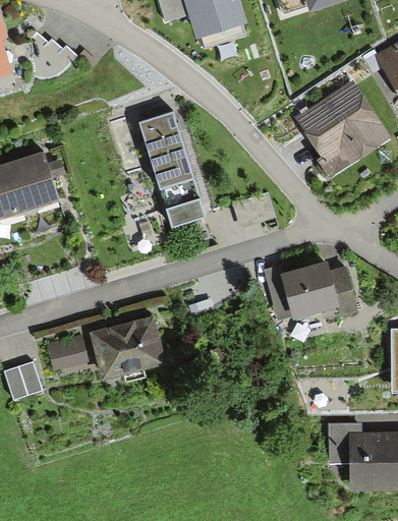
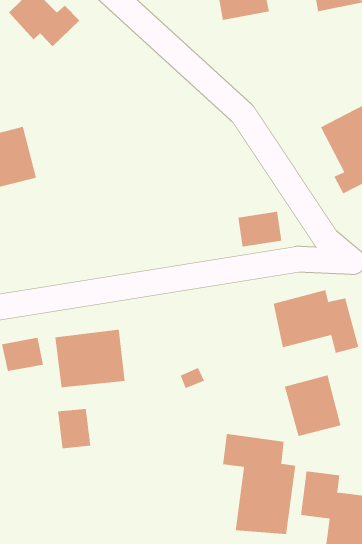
building: [135,108,206,227] -> none
building: none -> [284,375,341,437]
building: none -> [58,408,91,449]
building: none -> [223,433,296,535]

